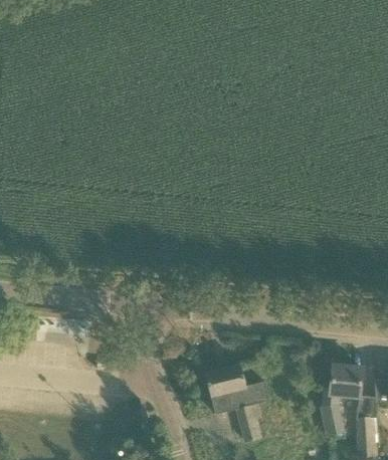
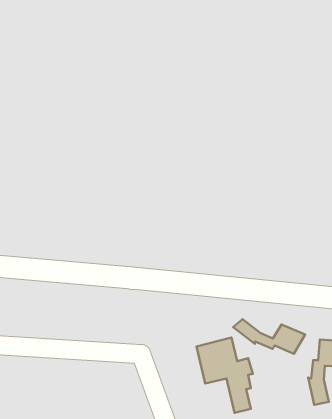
building: none -> [233,319,305,354]

